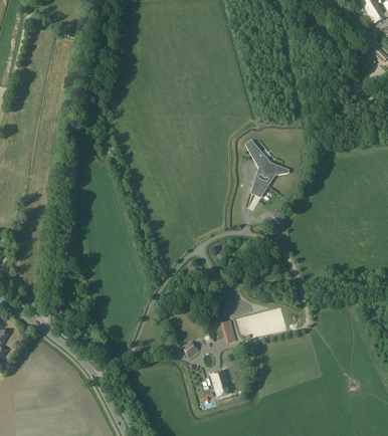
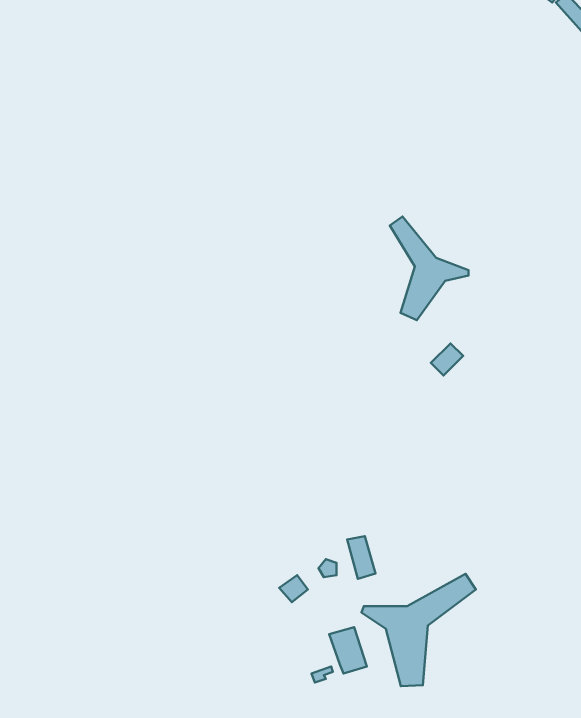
building: none -> [361,574,476,686]

